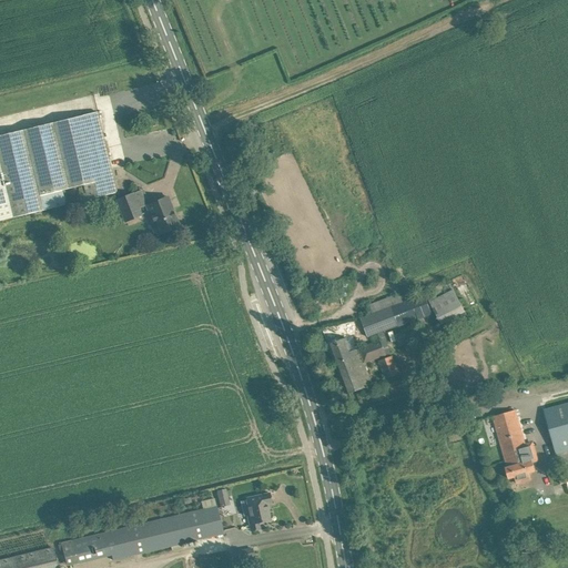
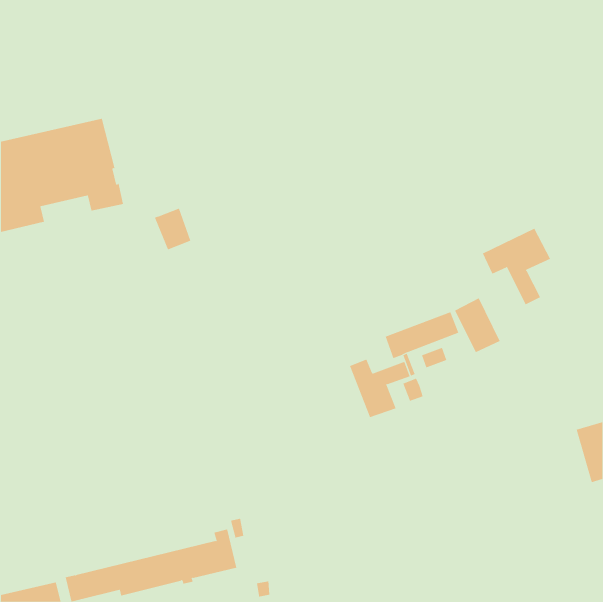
building: [115,192,142,222] -> none
building: none -> [482,228,551,305]
building: [493,409,532,484] -> none
building: [245,491,272,531] -> none

